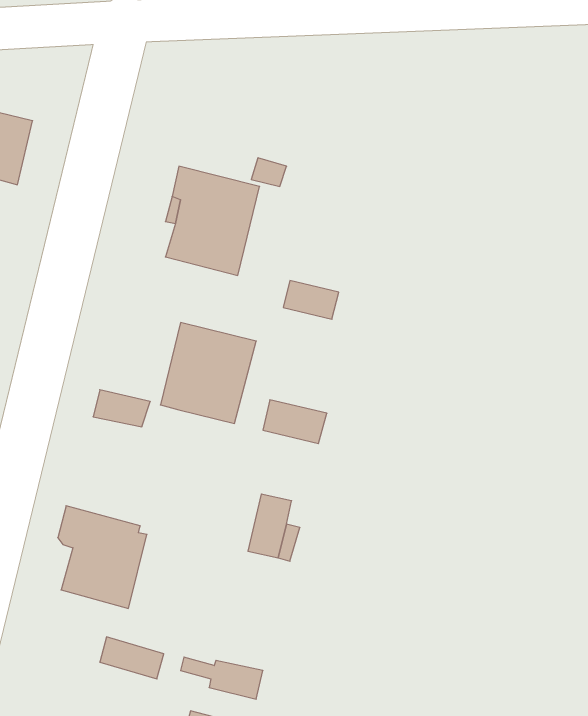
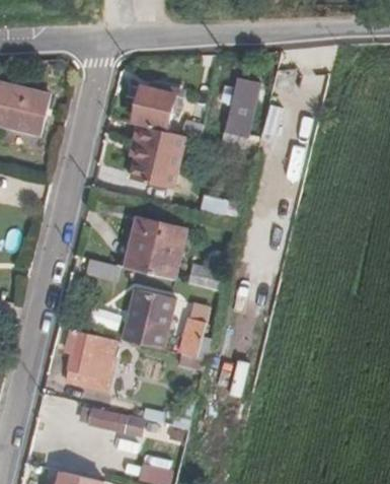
building: none -> [226,76,257,124]
building: none -> [133,87,181,127]
building: none -> [121,289,174,351]

